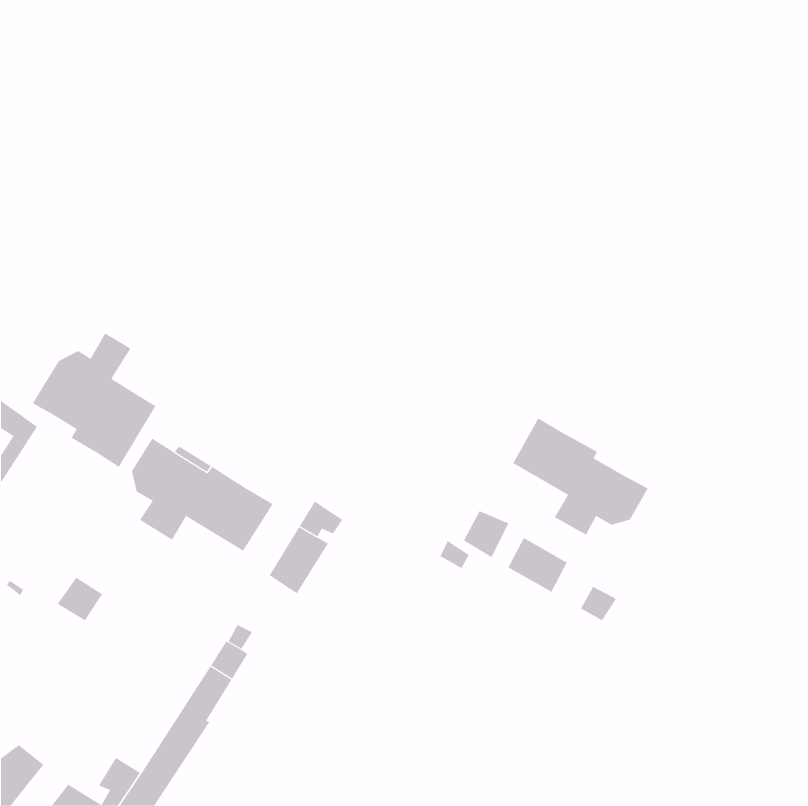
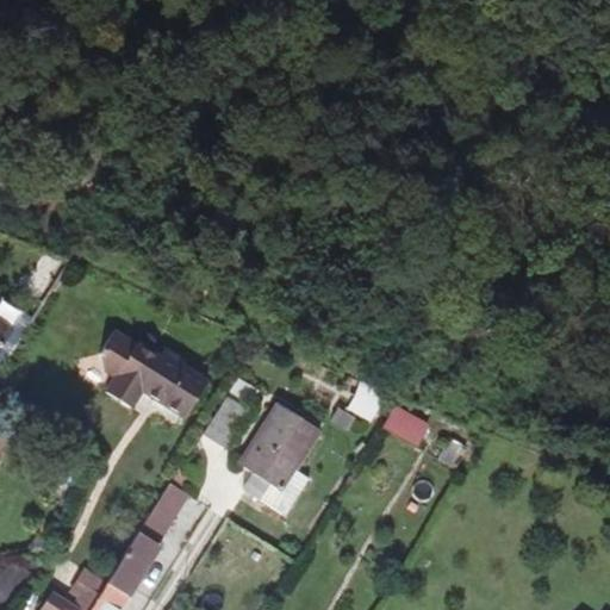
building: [32,332,156,468] -> none
building: [513,418,648,536] -> none
building: none -> [238,403,320,515]

